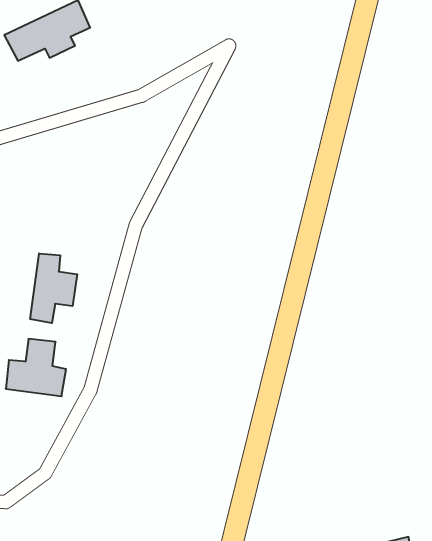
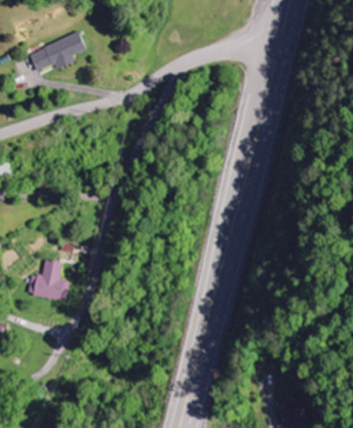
building: [30,253,77,323] -> none

